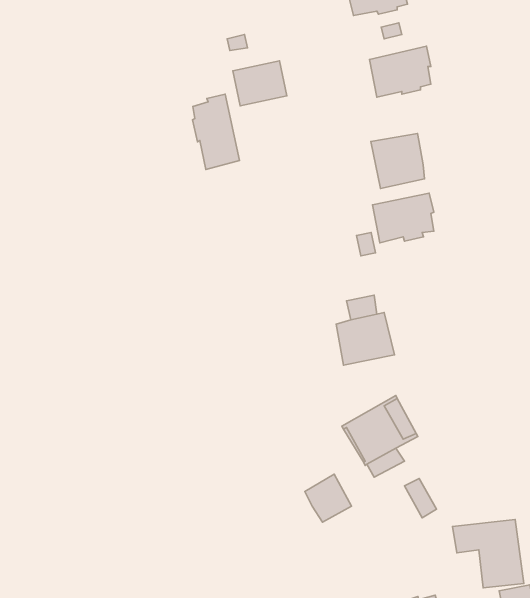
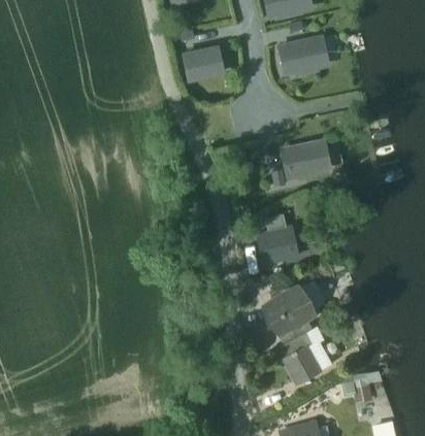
building: [193,94,240,170] -> none
building: [371,134,425,189] -> none
building: [305,474,352,522] -> [285,349,318,383]

